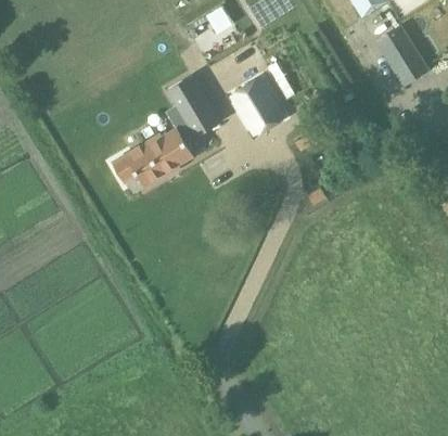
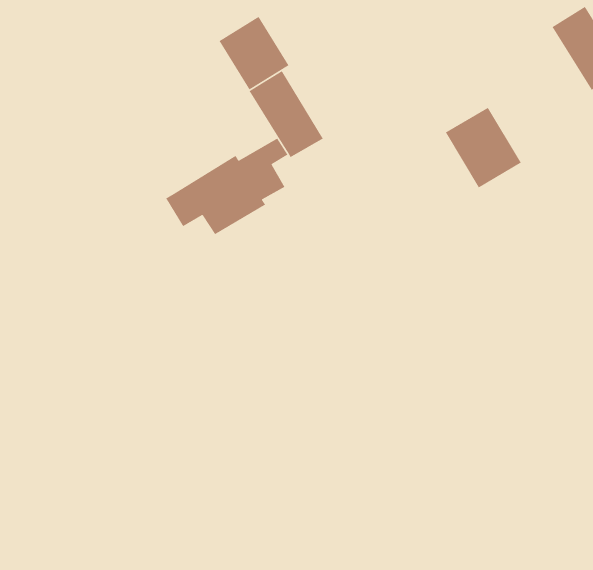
building: none -> [218,16,289,90]
building: [235,76,287,131] -> [445,107,522,188]

